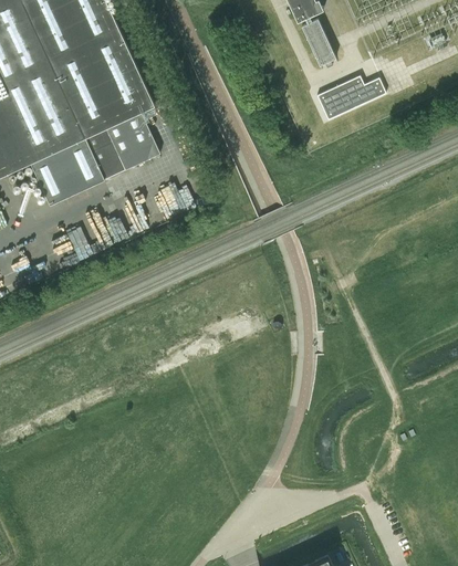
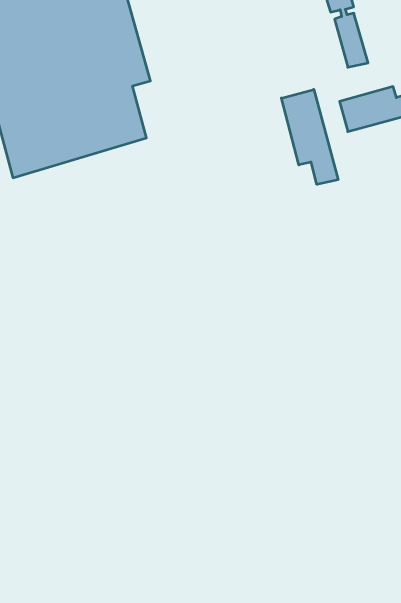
building: none -> [281,89,338,184]

